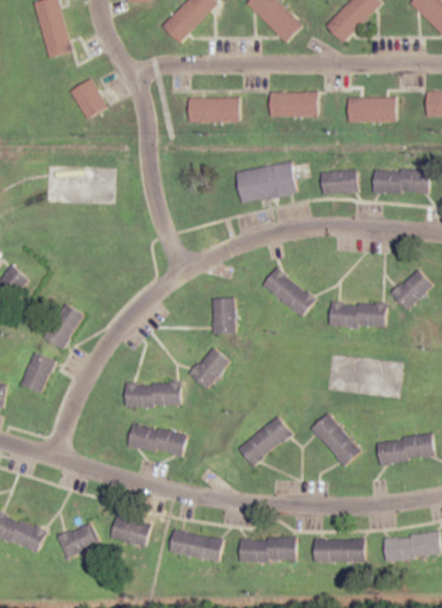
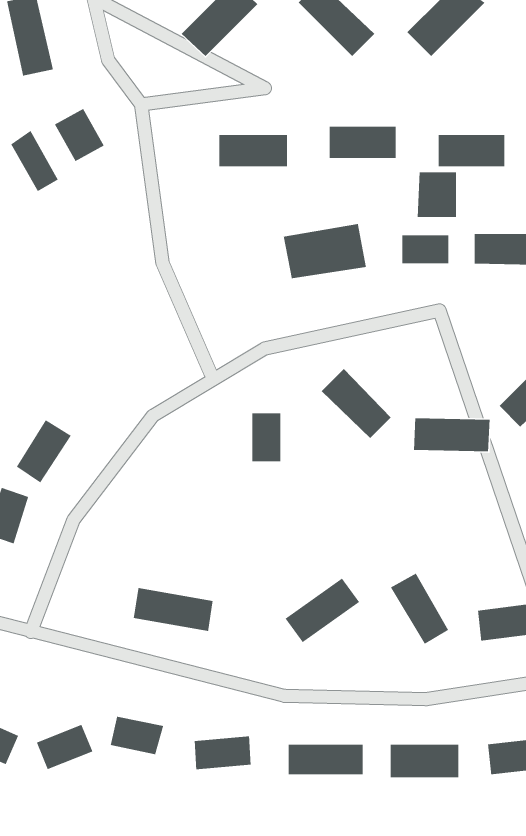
building: none -> [10,130,59,192]
building: none -> [417,172,457,218]
building: [189,347,229,388] -> none
building: [125,382,179,406] -> none

